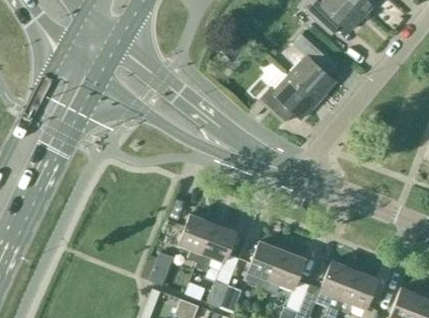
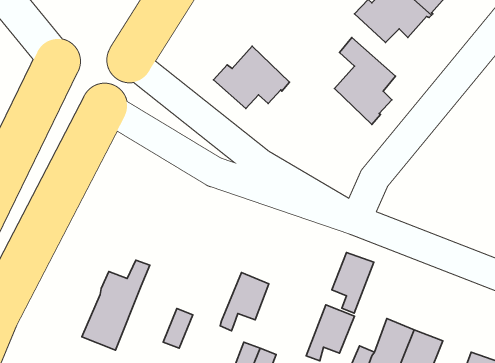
building: [258,73,319,124] -> [214,46,289,108]
building: none -> [82,260,150,350]
building: [178,214,213,262] -> none
building: [247,241,282,291] -> [332,252,374,313]

